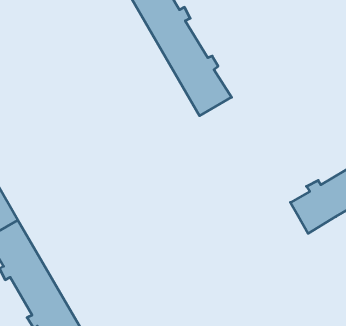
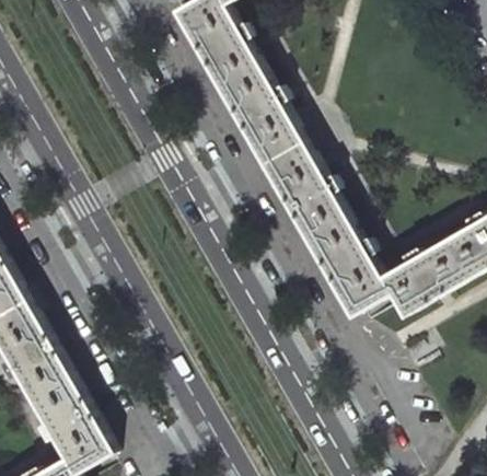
building: none -> [263,139,391,316]

